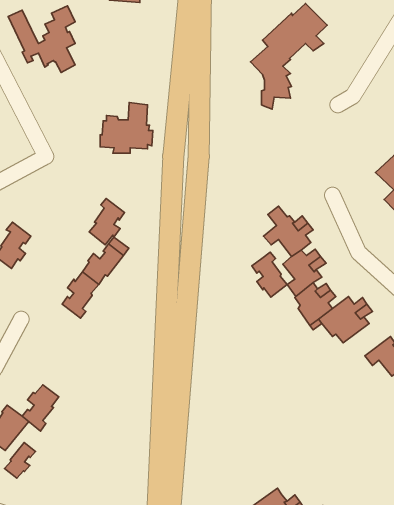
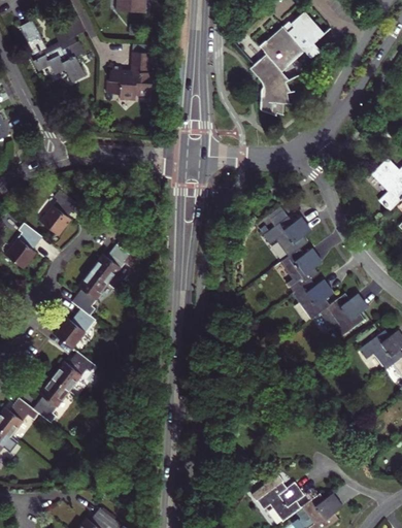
building: [100,103,153,153] -> [107,53,158,101]
building: [89,198,125,245] -> [42,190,76,234]
building: [252,252,287,297] -> none
building: none -> [55,308,94,346]
building: none -> [53,352,95,390]
building: [4,442,35,478] -> none

